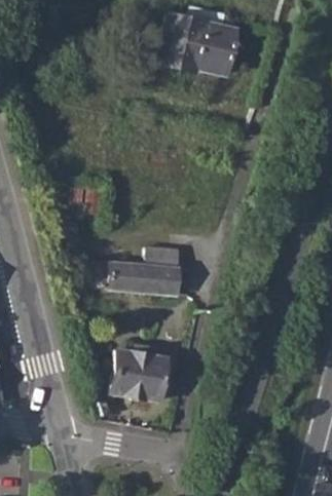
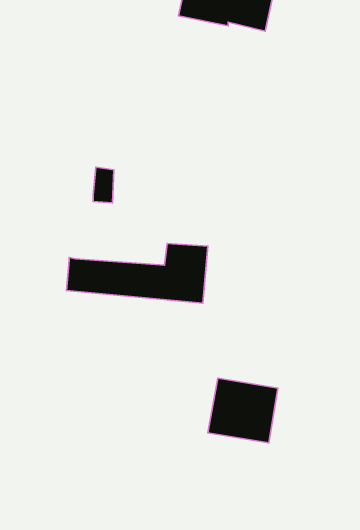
building: [110,349,167,402] -> [208,378,278,443]

